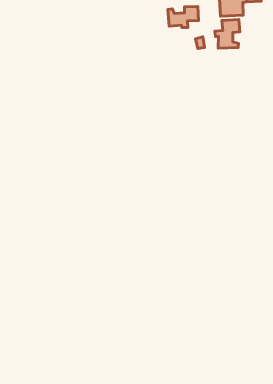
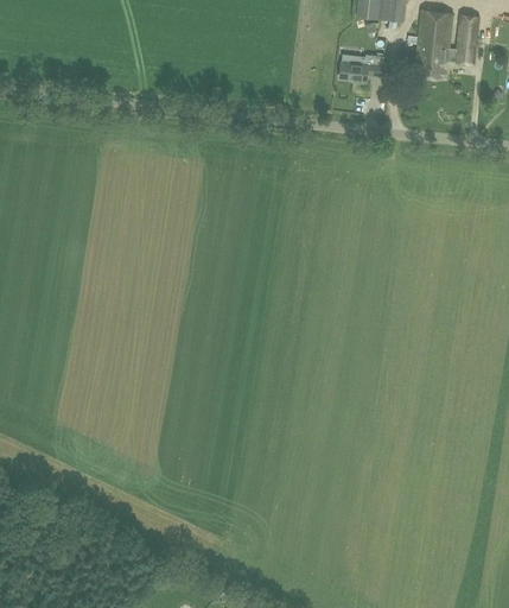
building: [215,20,240,48] -> none

